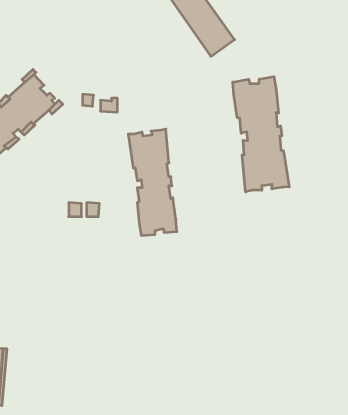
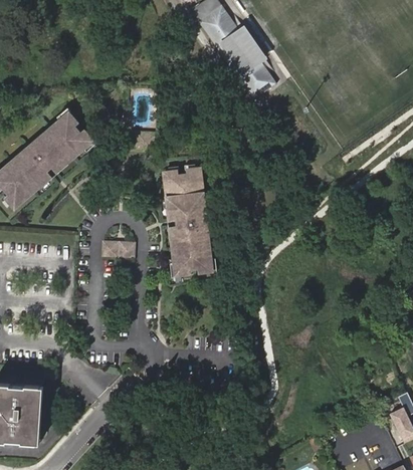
building: [233,77,289,192] -> none

